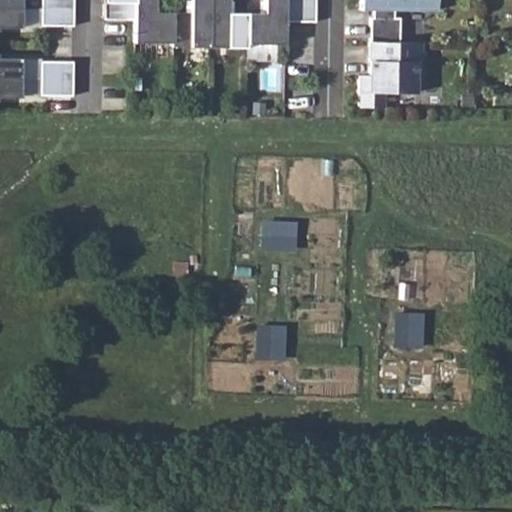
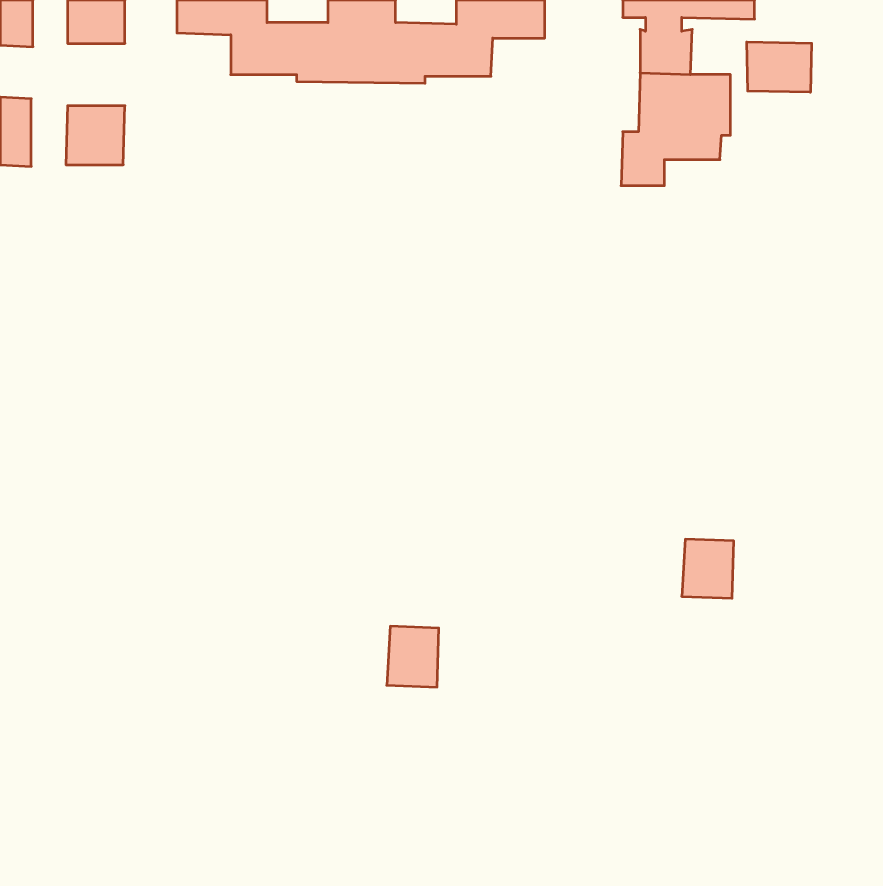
building: none -> [747,42,812,92]
building: [261,218,297,246] -> none
building: [257,322,287,357] -> [387,626,439,687]

